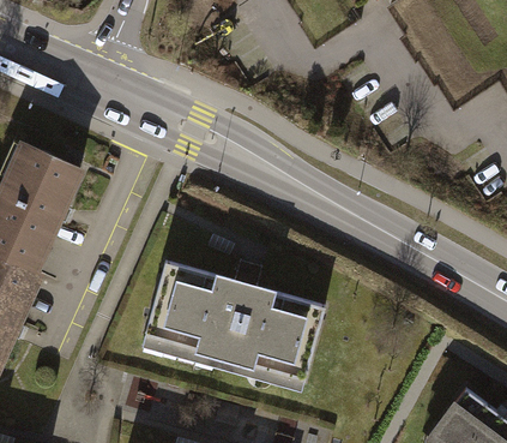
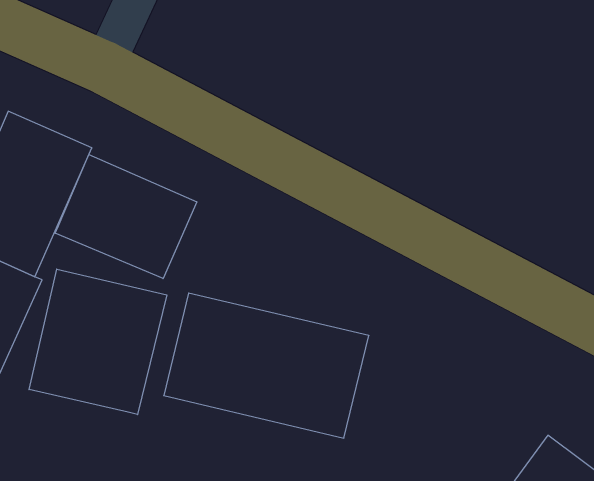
building: none -> [55,155,197,279]
building: none -> [29,269,167,415]

